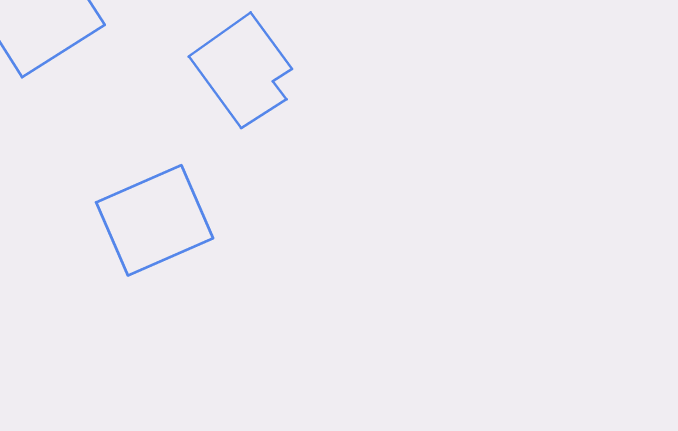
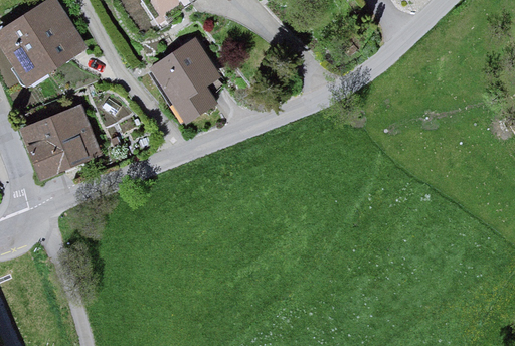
building: [96,165,213,275] -> [18,101,104,181]

